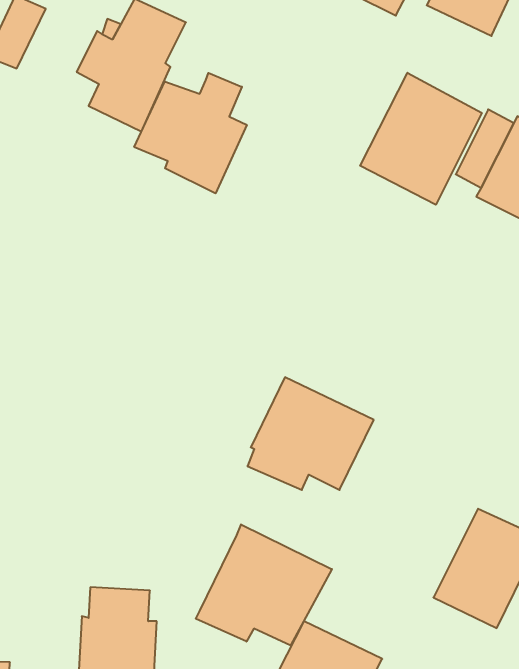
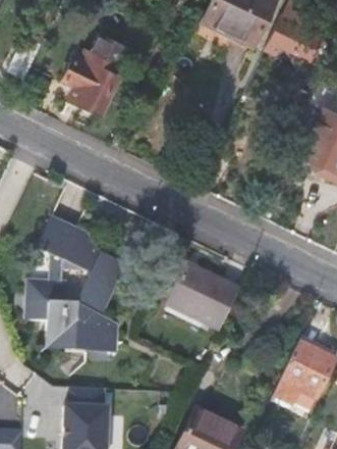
building: [360,73,482,205] -> none
building: [134,73,247,193] -> none
building: none -> [30,217,120,347]
building: [196,524,332,646] -> none

